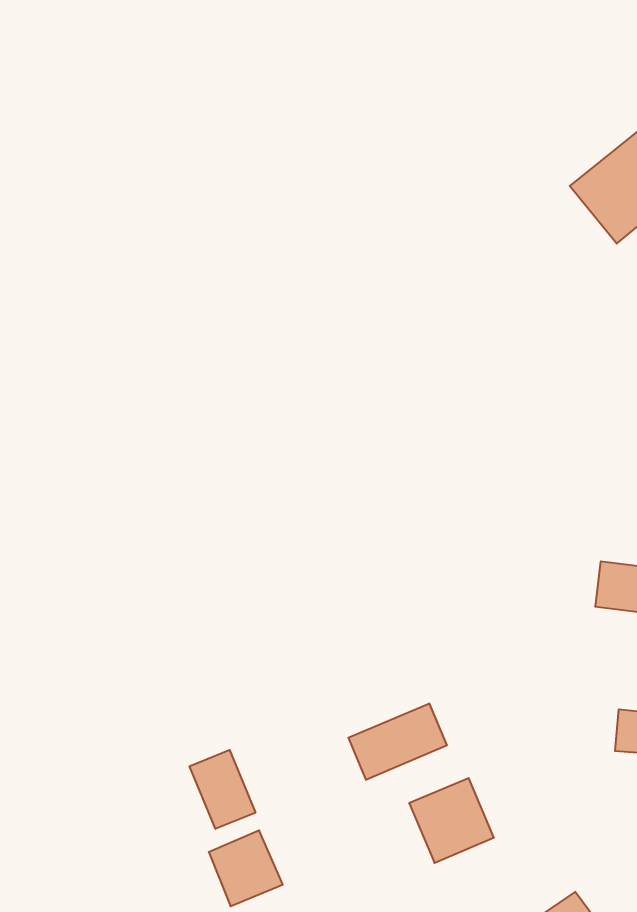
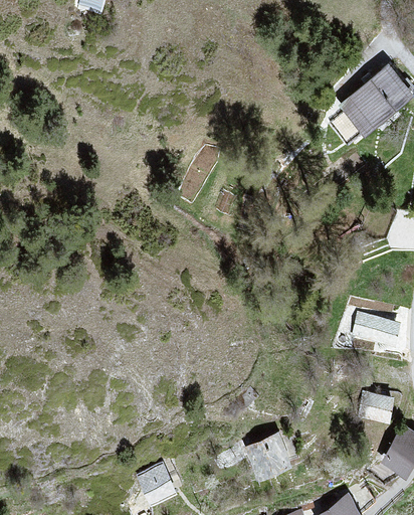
building: [348,703,447,780] -> none
building: [190,750,255,829] -> none

